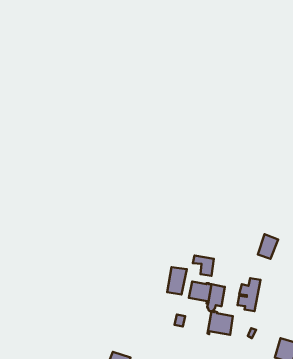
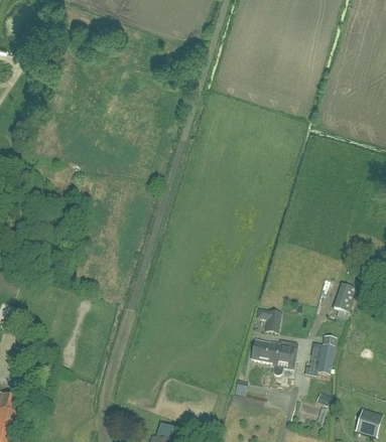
building: [167,267,187,295] -> none
building: [207,311,233,335] -> none

